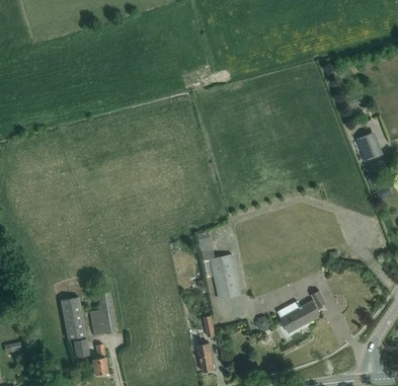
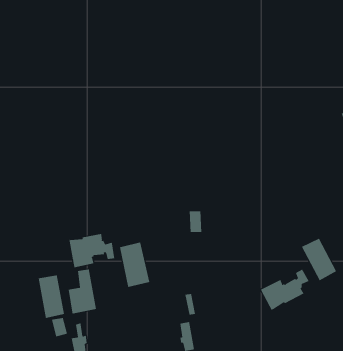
building: [211,254,241,299] -> [119,242,150,287]
building: none -> [69,233,115,268]
building: none -> [301,238,337,281]

